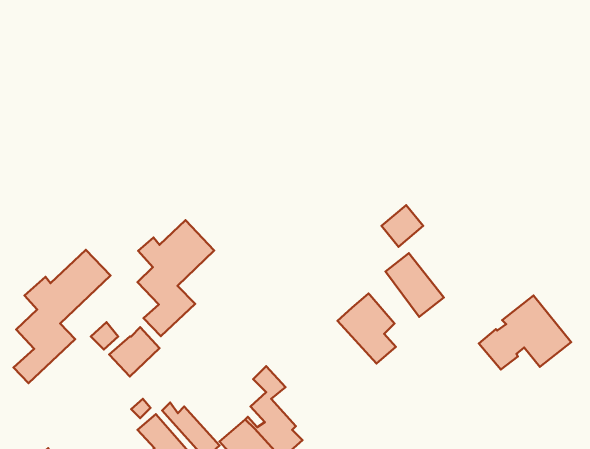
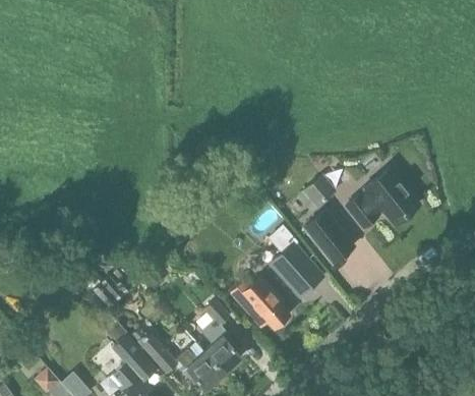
building: [138,220,214,336] -> none
building: [14,250,111,383] -> none
building: [479,296,571,370] -> [346,169,418,227]
building: none -> [230,276,289,330]

